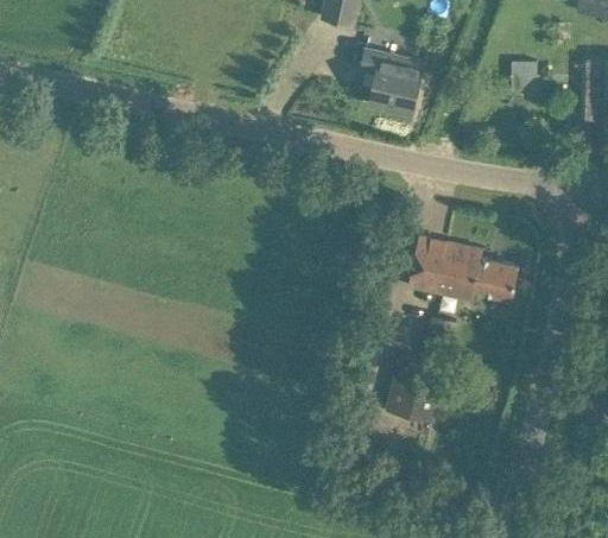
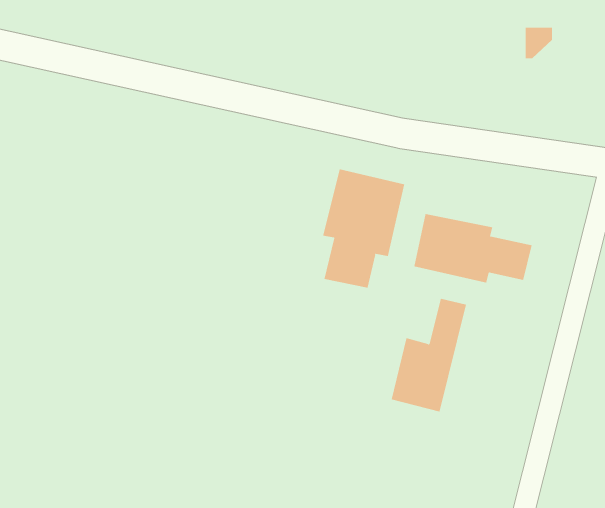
building: [361,49,424,114] -> none
building: none -> [323,169,405,289]

